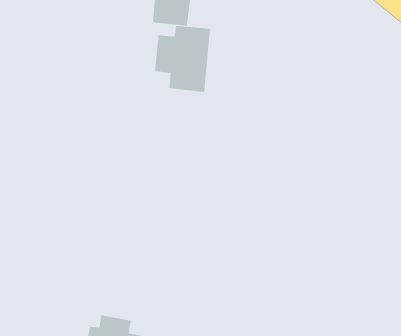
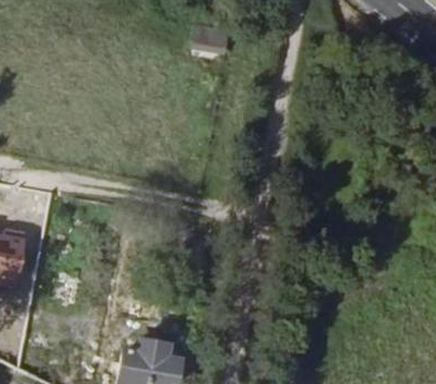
building: [154,25,211,93] -> none

